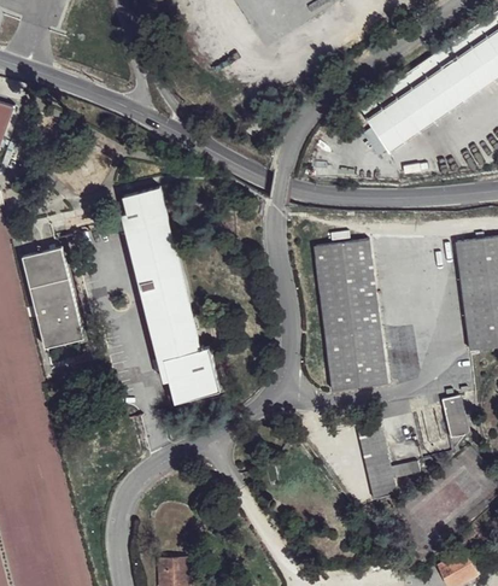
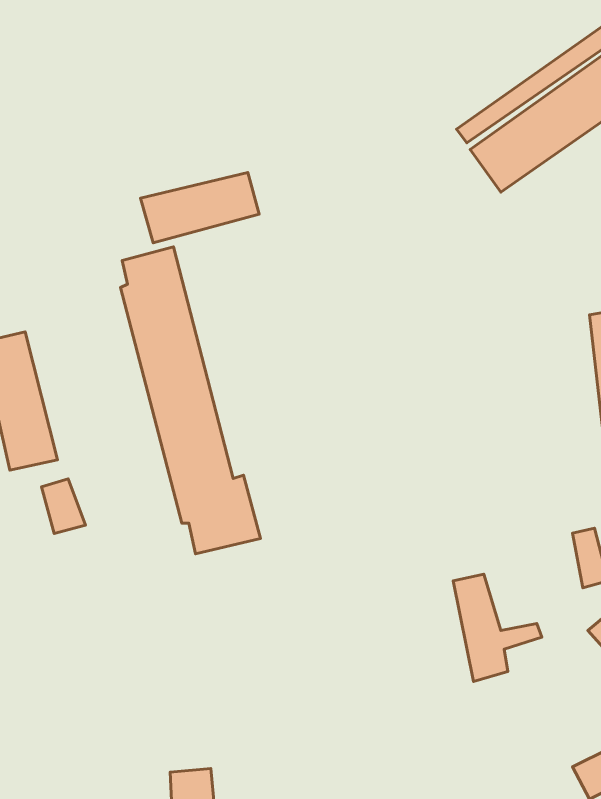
building: none -> [140,172,259,243]
building: [315,241,387,393] -> none
building: none -> [41,479,85,533]

